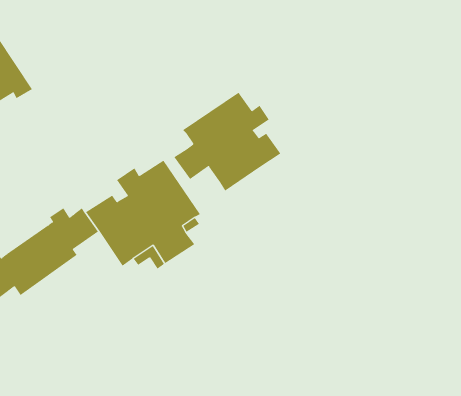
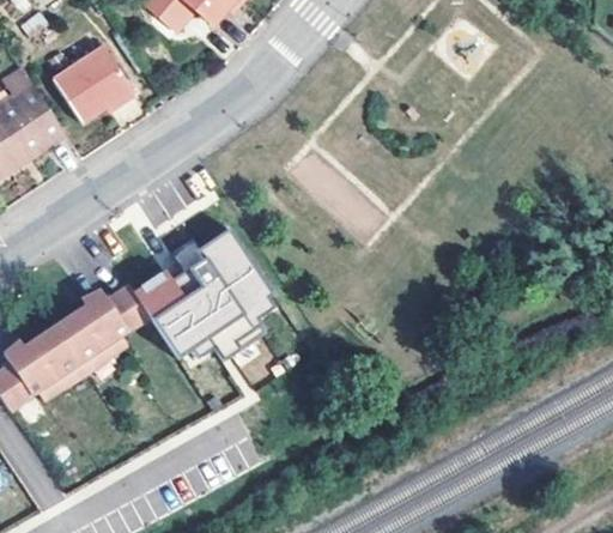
building: none -> [55,49,132,125]
building: [174,92,281,192] -> none

